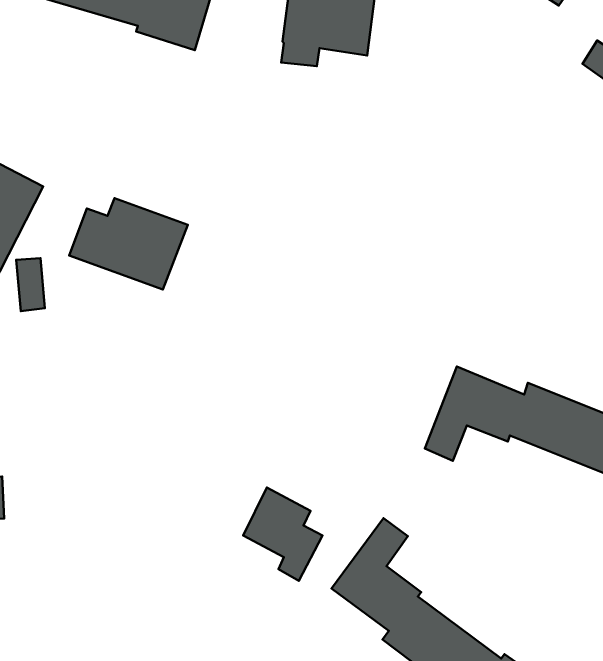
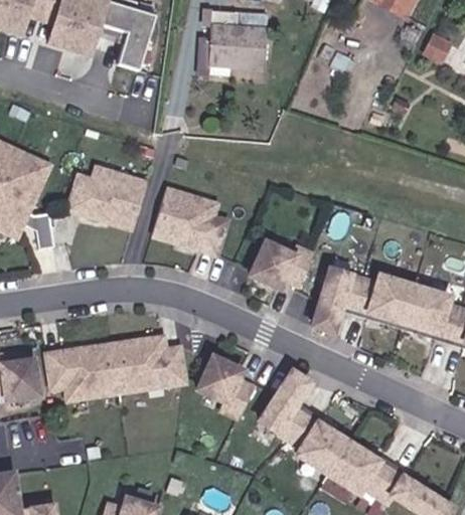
building: none -> [153,188,227,252]
building: none -> [251,242,314,290]
building: none -> [46,336,184,397]

